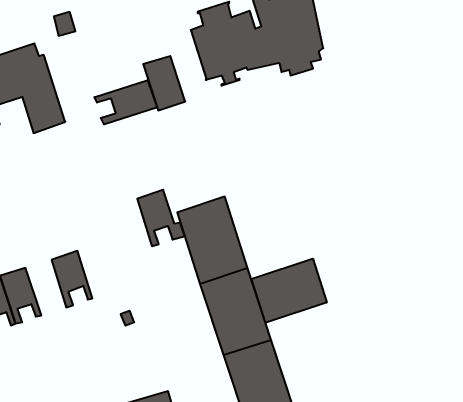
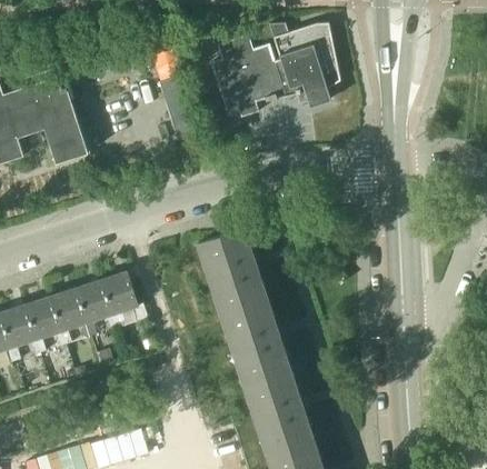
building: [94,80,157,124] -> none
building: [137,190,185,246] -> [99,271,146,327]
building: [251,259,327,323] -> none
building: none -> [48,289,88,343]

